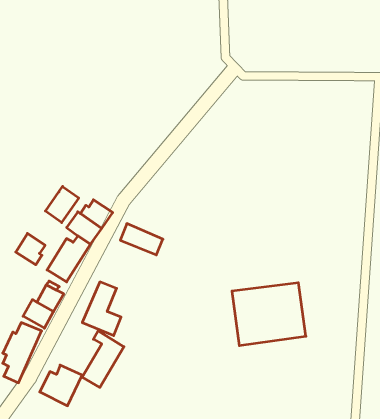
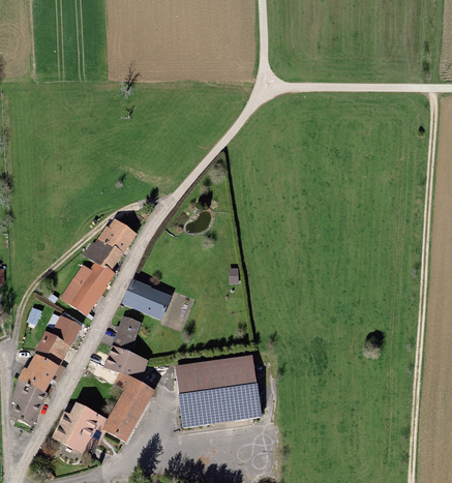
building: [45,186,79,223] -> none
building: [120,224,163,255] -> [121,281,169,316]
building: [16,233,45,265] -> none
building: [232,283,306,346] -> [175,354,258,424]

